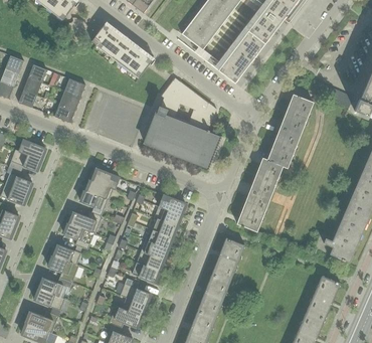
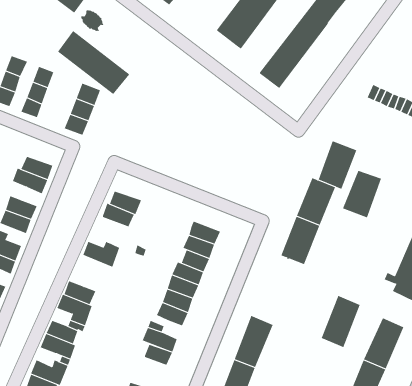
building: [91,22,153,76] -> [57,30,130,95]
building: [144,77,222,169] -> none
building: [280,94,313,134] -> [342,170,382,218]
building: [80,189,108,215] -> none
building: [64,221,96,248] -> none
building: [211,236,244,281] -> [321,295,360,348]
building: [109,305,141,327] -> none

